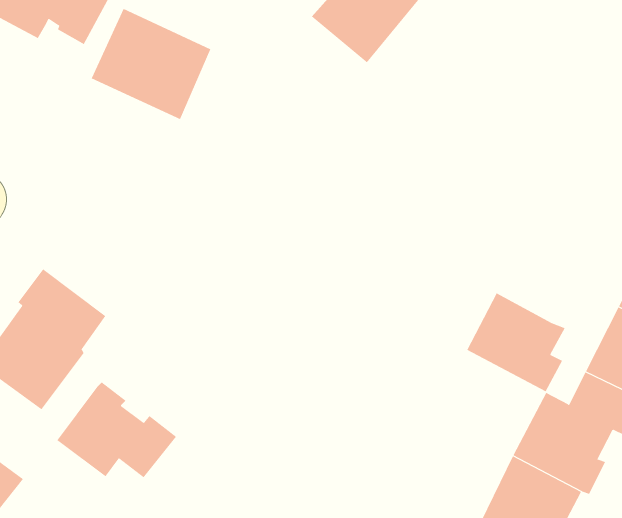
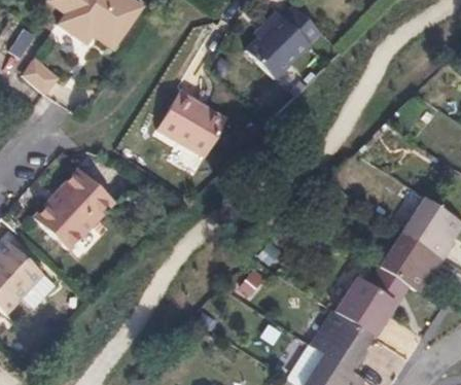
building: [91,8,211,120] -> [155,92,225,159]
building: [466,292,565,392] -> none
building: [57,381,177,478] -> none

